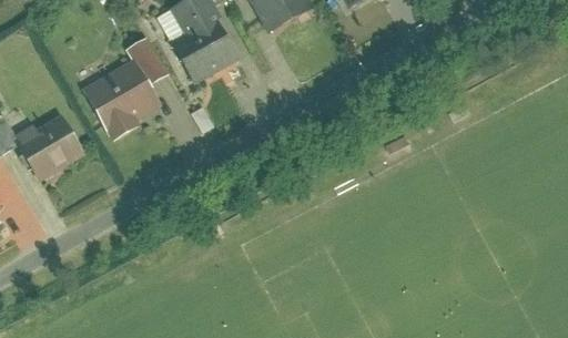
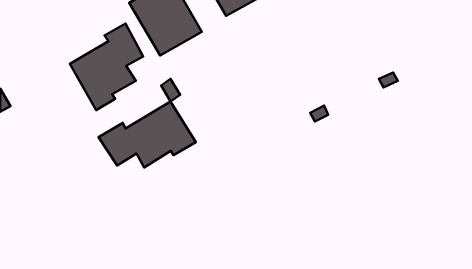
building: [20,116,87,183] -> none
building: none -> [99,102,196,167]

